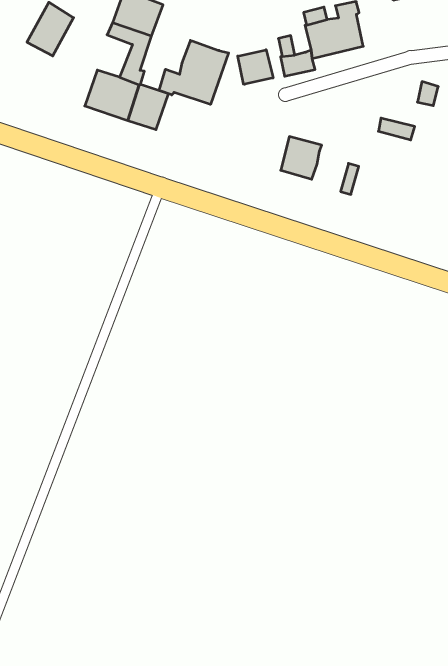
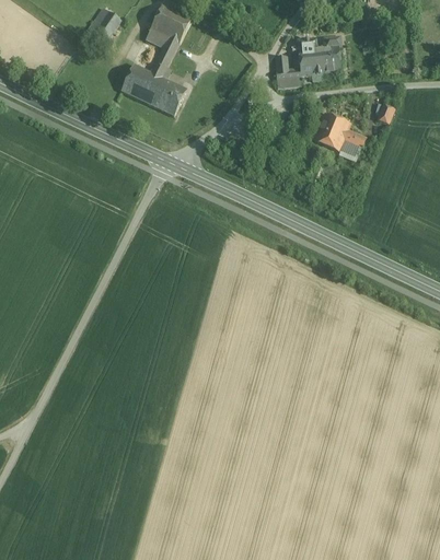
building: [159,40,229,104] -> none
building: [238,50,273,84] -> none
building: [281,137,322,179] -> [315,114,349,149]

